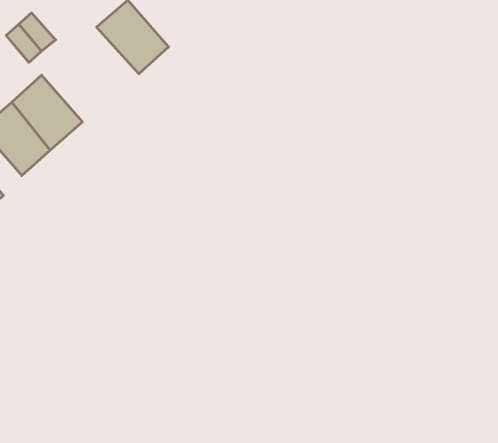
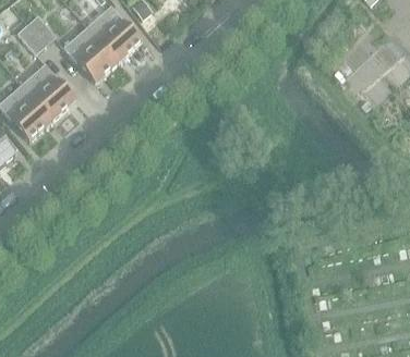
building: none -> [61,25,118,82]

